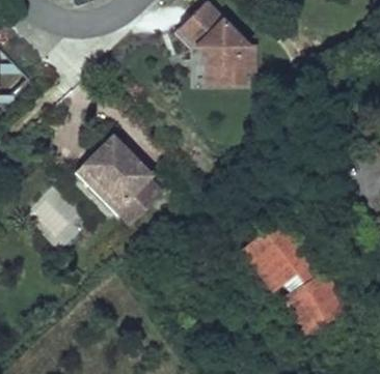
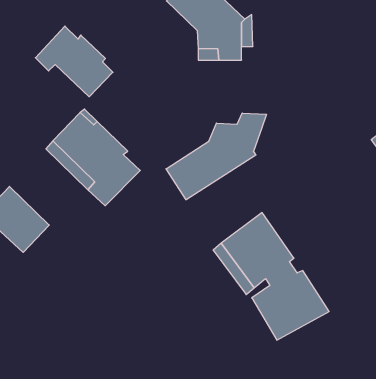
building: none -> [35,26,113,97]
building: none -> [166,113,266,200]

